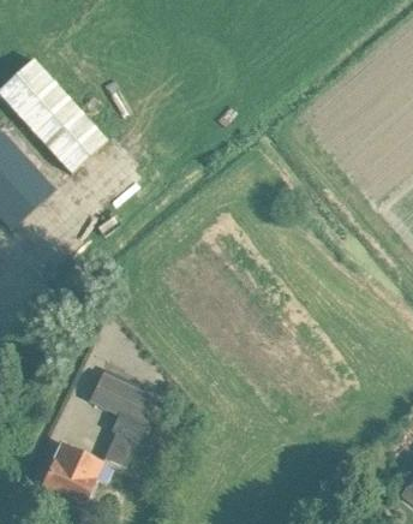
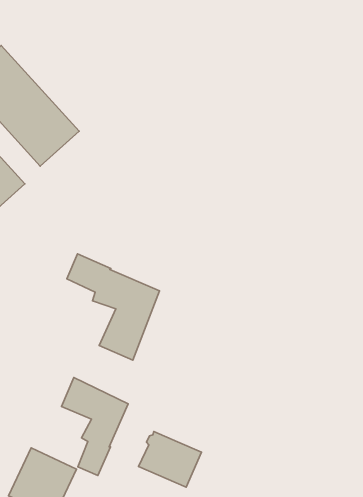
building: none -> [67,254,160,360]
building: none -> [138,431,202,487]

